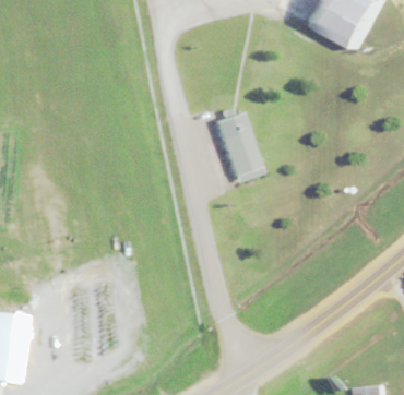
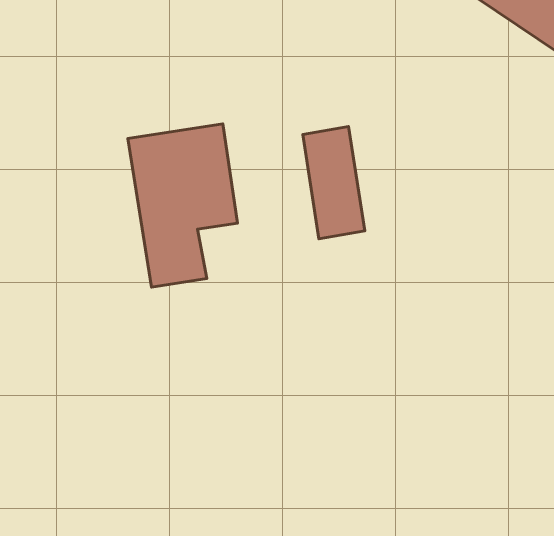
building: none -> [128,124,237,287]

